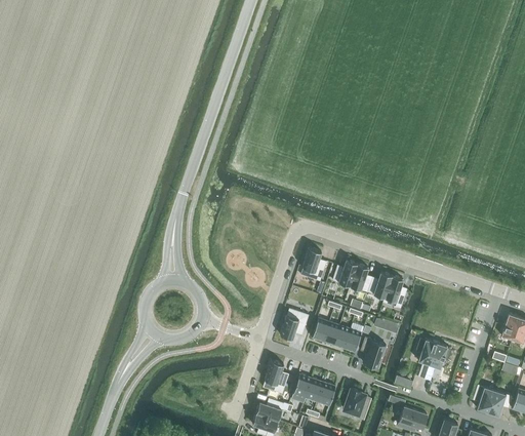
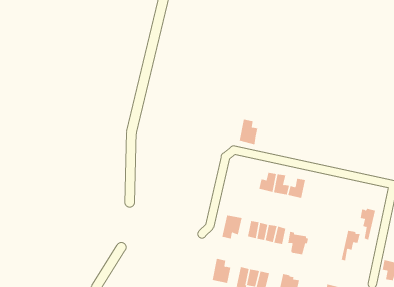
building: [300,247,326,281] -> [239,119,258,145]
building: [382,275,407,306] -> none
building: [416,339,437,379] -> [360,208,376,240]

